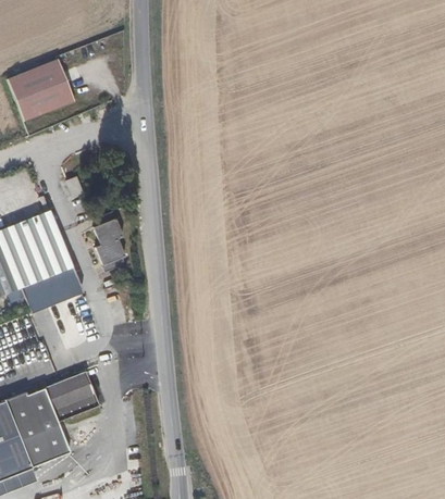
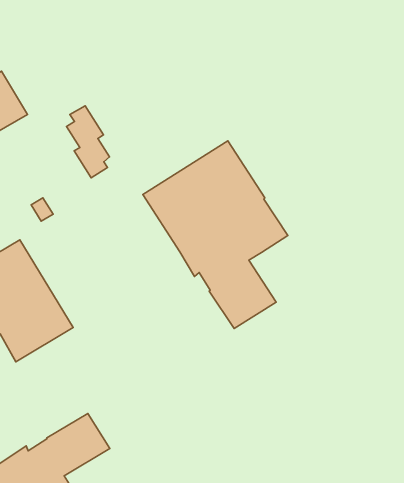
building: none -> [143,141,288,328]
building: [94,214,126,276] -> [66,106,110,178]

